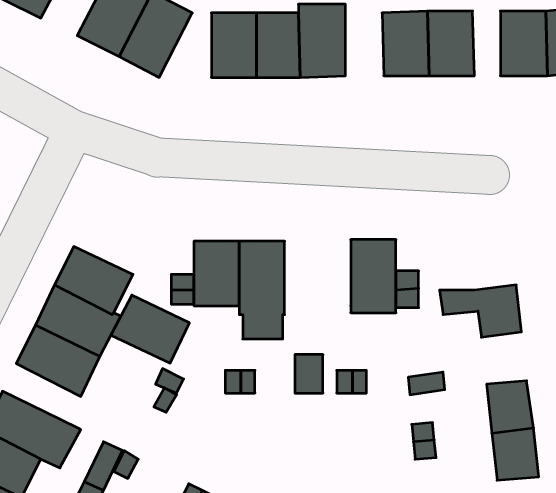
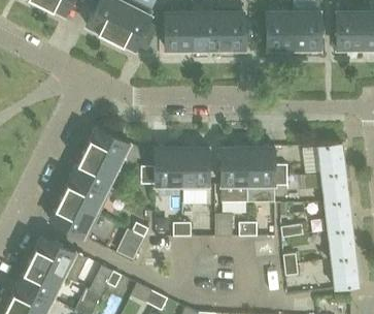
building: none -> [317,144,345,177]
building: none -> [220,147,247,198]
building: [111,295,189,363] -> [83,127,130,167]
building: none -> [325,201,351,232]

